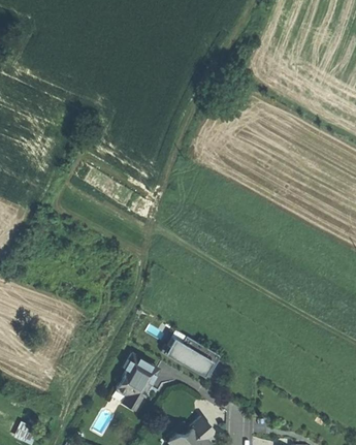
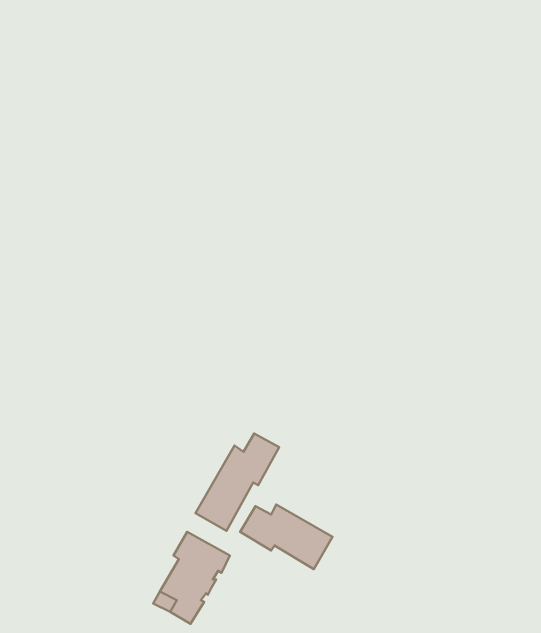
building: none -> [196,434,279,531]

